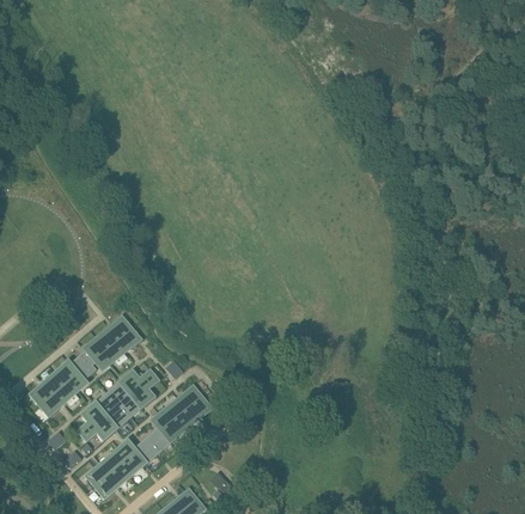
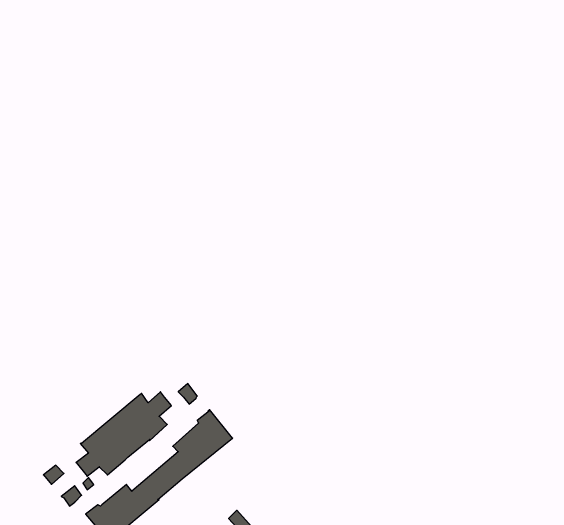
building: [28,314,142,418] -> none

